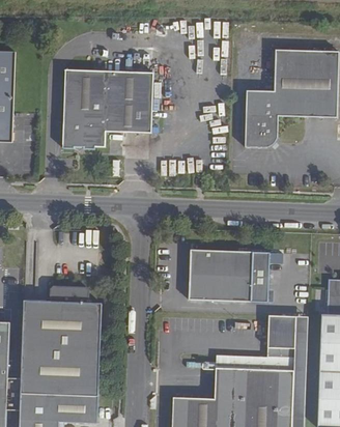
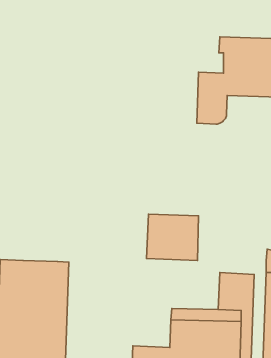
building: [62,69,153,149] -> none
building: [245,252,270,302] -> none
building: [50,286,88,303] -> none

